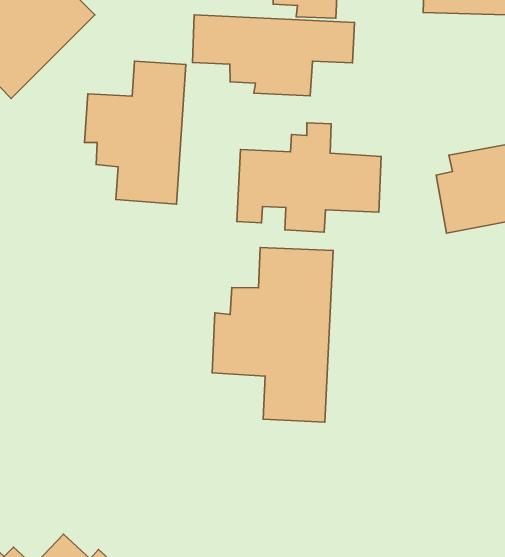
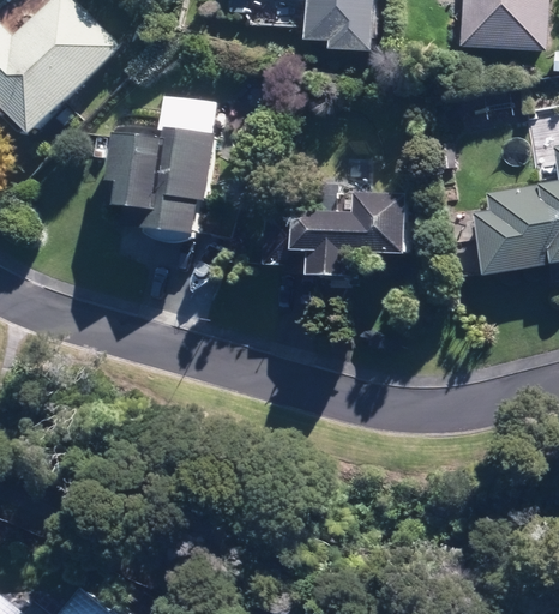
building: [192,15,354,96] -> none
building: [212,248,333,422] -> none

